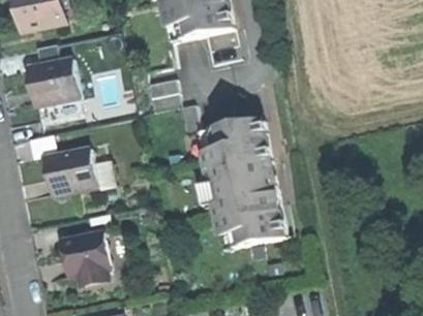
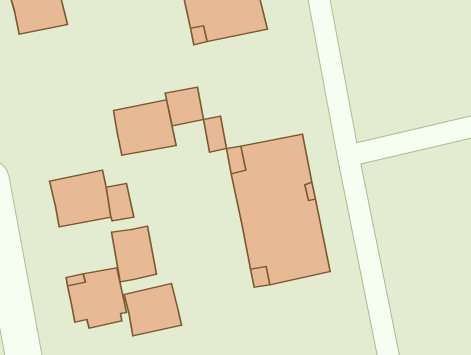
building: [27,57,81,104] -> [114,100,176,155]
building: none -> [112,226,157,282]
building: none -> [124,284,181,336]

